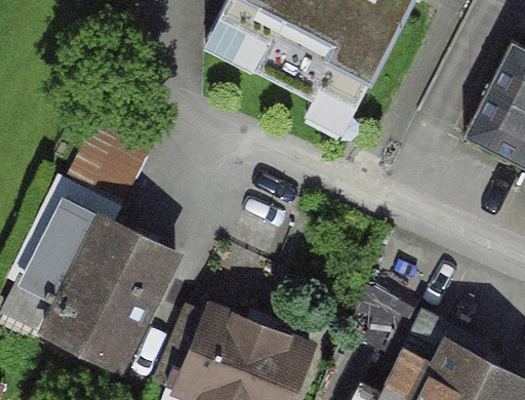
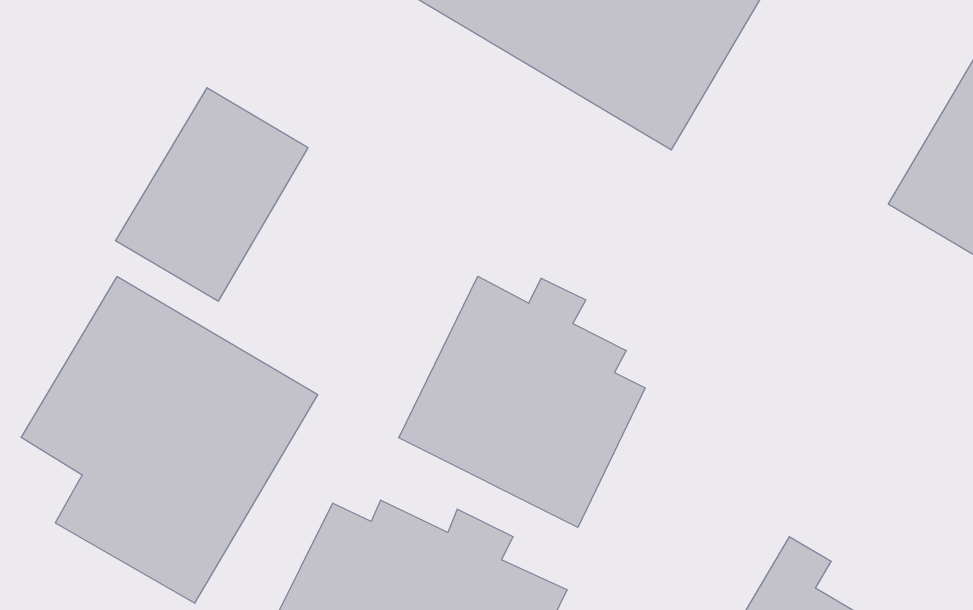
building: none -> [399,276,645,527]

